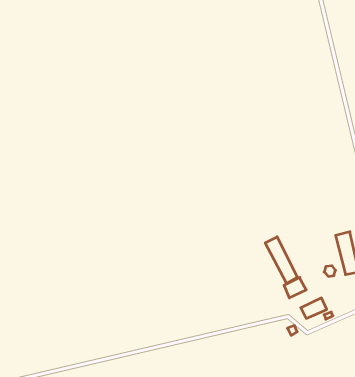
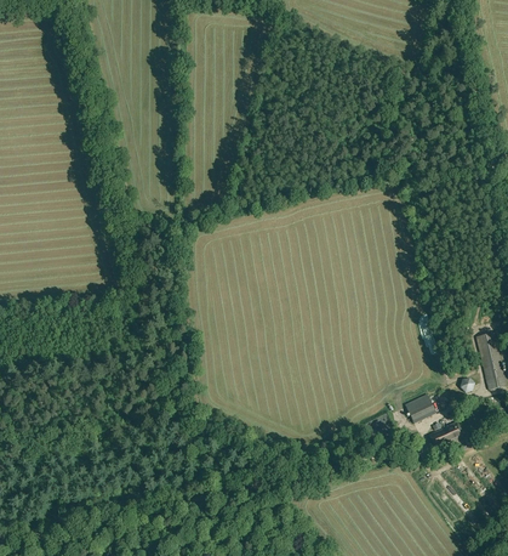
building: [265,237,297,283] -> none

